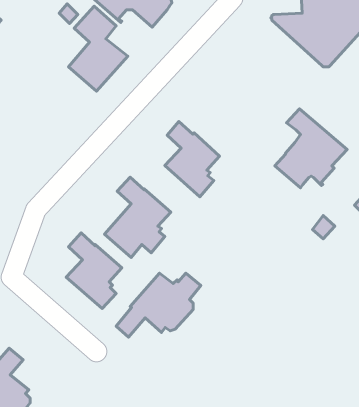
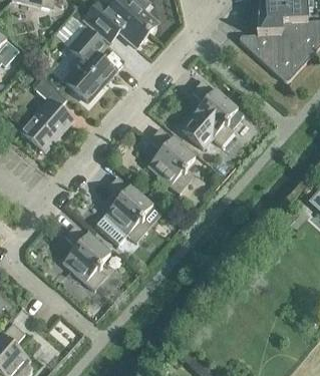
building: none -> [20,77,71,151]
building: [275,109,347,188] -> [181,79,243,147]
building: [116,273,201,337] -> none

